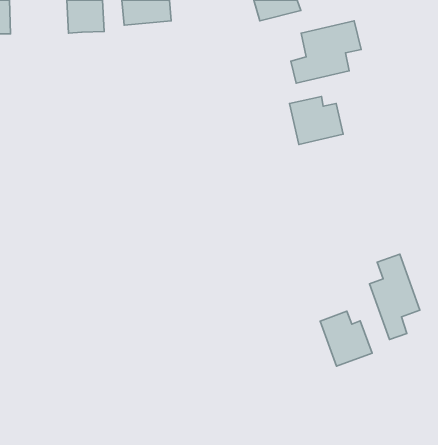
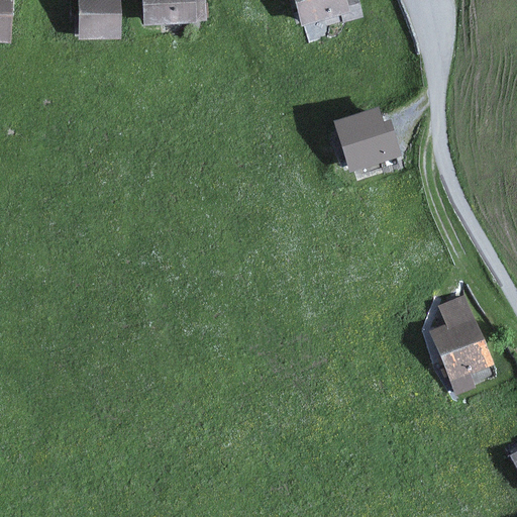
building: [291,21,361,83] -> none
building: [320,311,372,366] -> none

